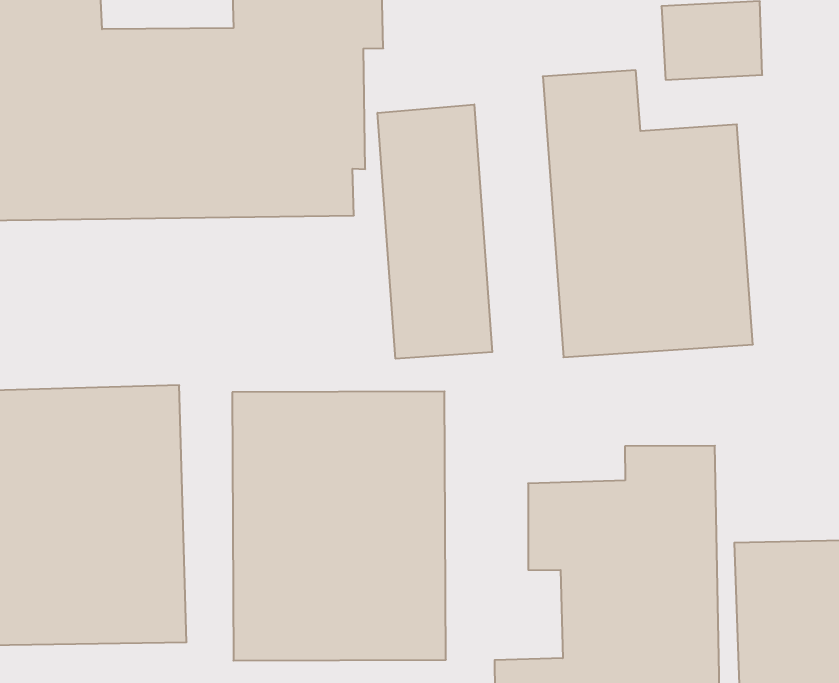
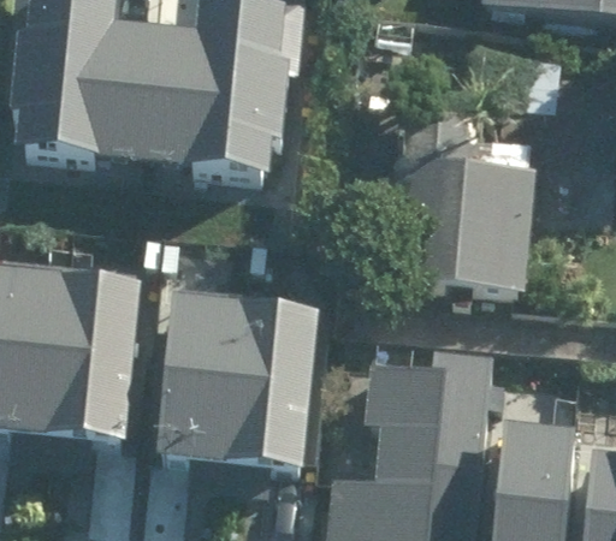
building: [378,104,492,359] -> none

